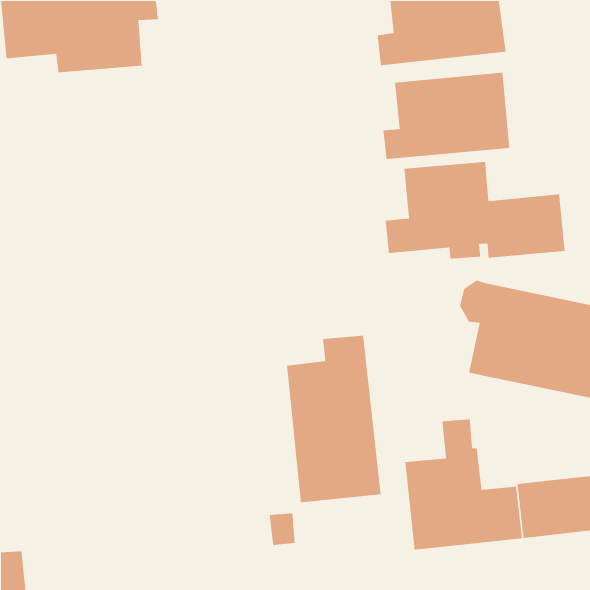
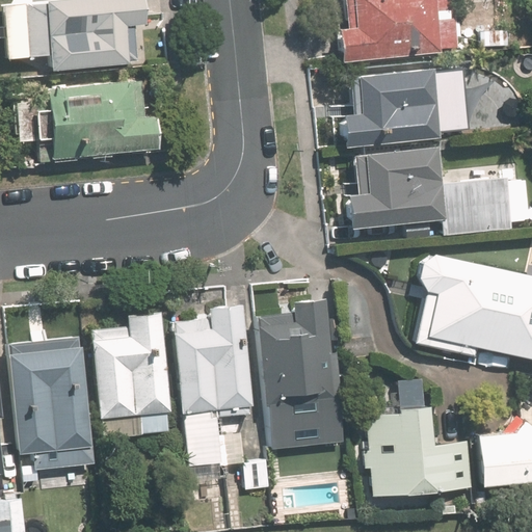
building: none -> [32,80,160,160]
building: none -> [94,308,174,427]
building: none -> [172,309,252,467]
building: none -> [9,343,94,463]

